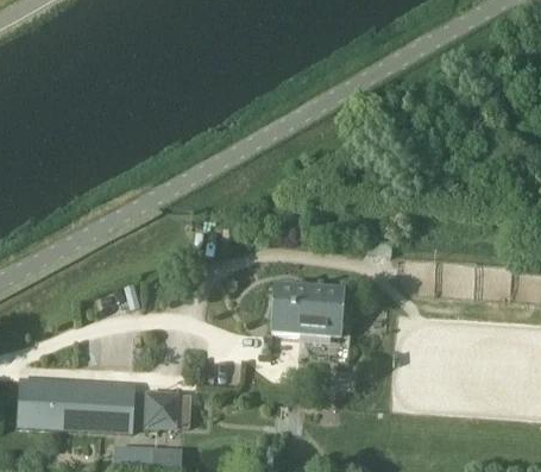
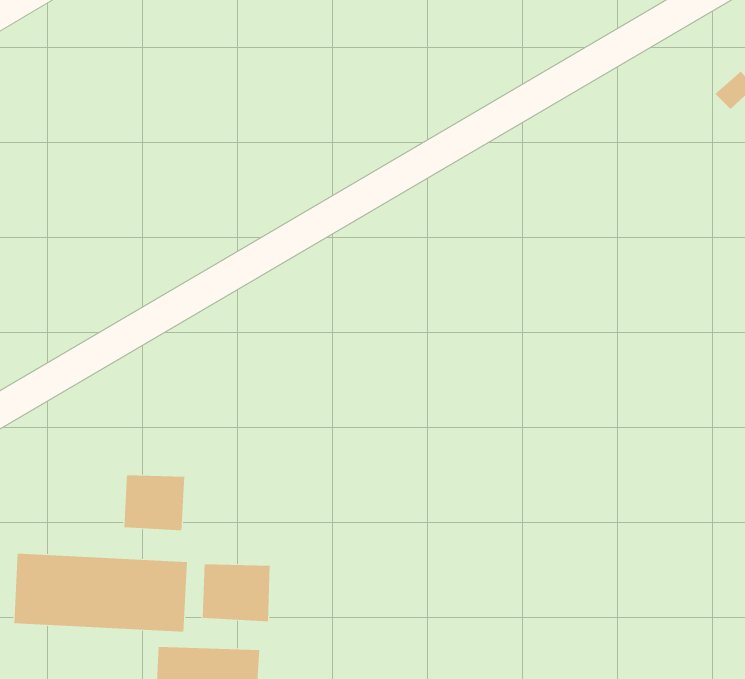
building: [272,283,351,352] -> none
building: none -> [124,475,185,531]

